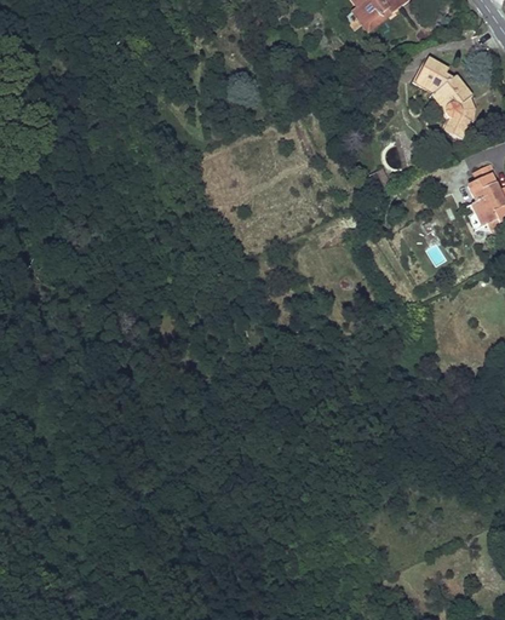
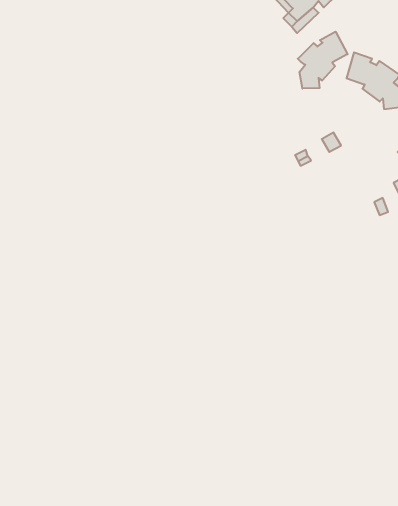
building: none -> [298,32,348,89]

